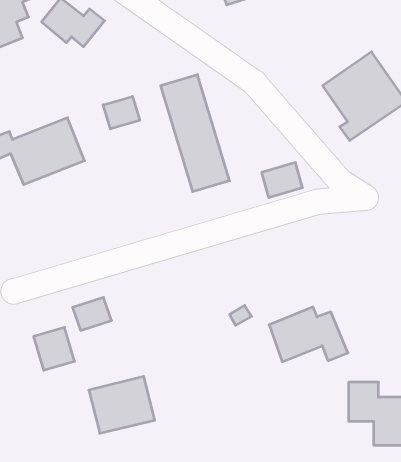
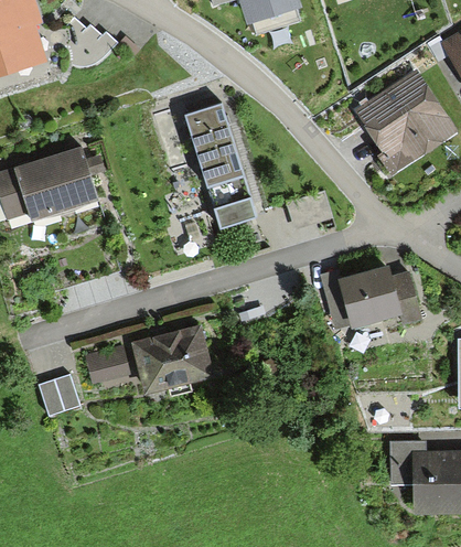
building: [103,96,140,129] -> none
building: [269,307,348,362] -> [336,265,424,325]
building: [89,376,155,433] -> [133,328,206,390]

